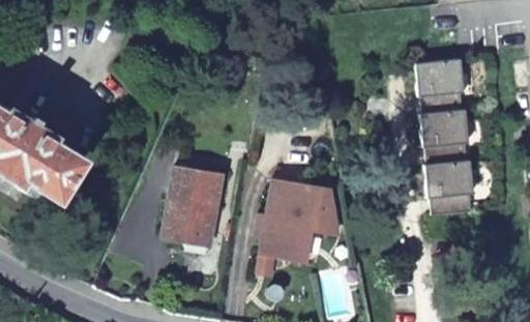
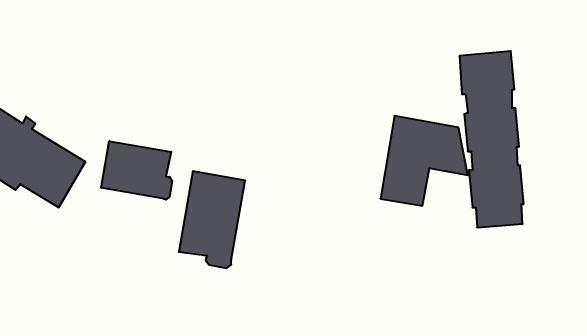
building: none -> [101,141,172,200]
building: [262,180,340,260] -> [380,116,468,206]

